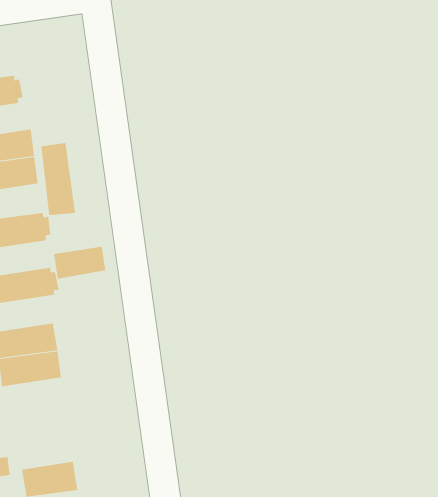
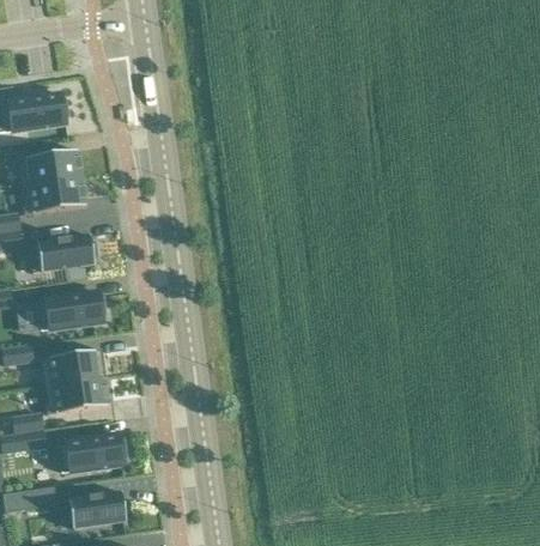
building: [41,142,75,216] -> none
building: [54,246,106,279] -> none
building: none -> [57,435,128,473]

